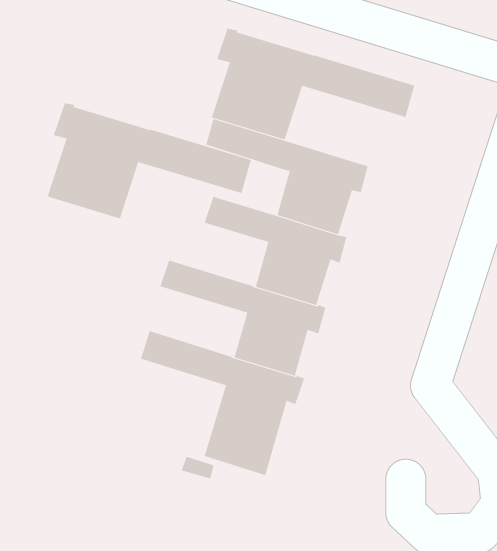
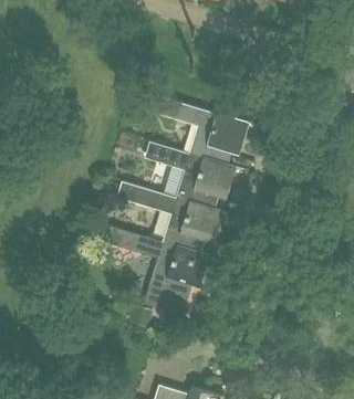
building: [211,28,415,141] -> none
building: [46,102,251,220] -> none

